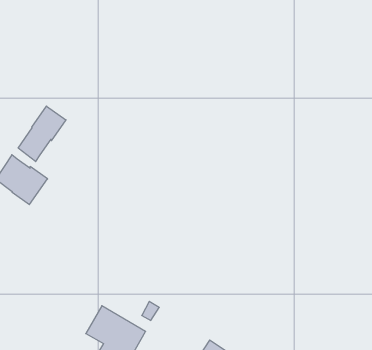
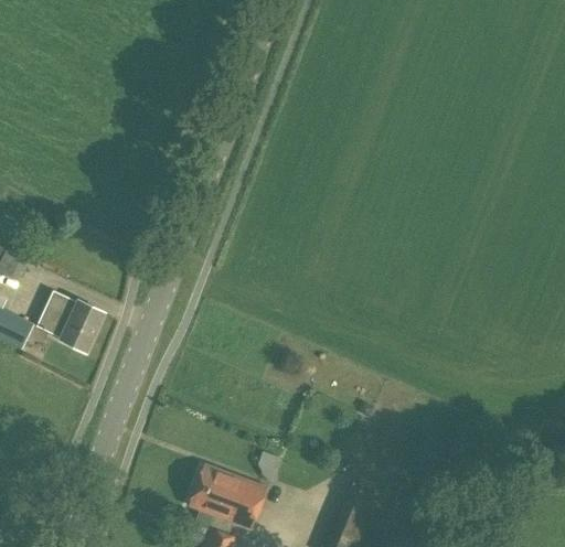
building: [18,106,66,162] -> none

